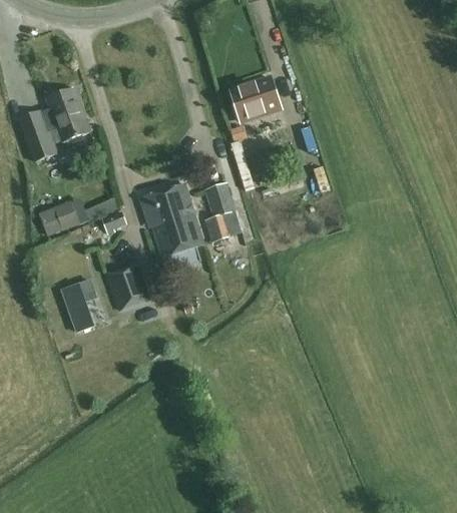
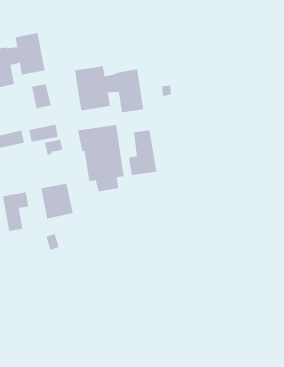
building: [231,76,280,120] -> none
building: none -> [75,65,144,113]
building: none -> [31,83,51,109]

